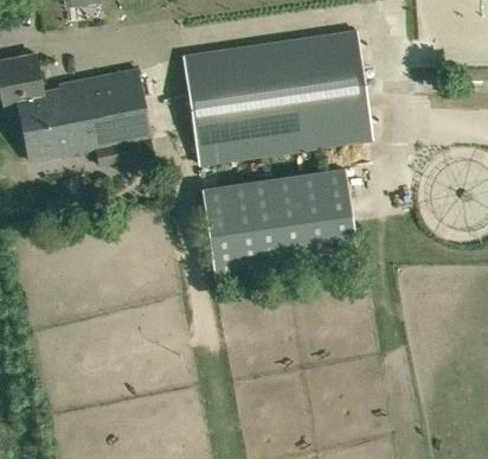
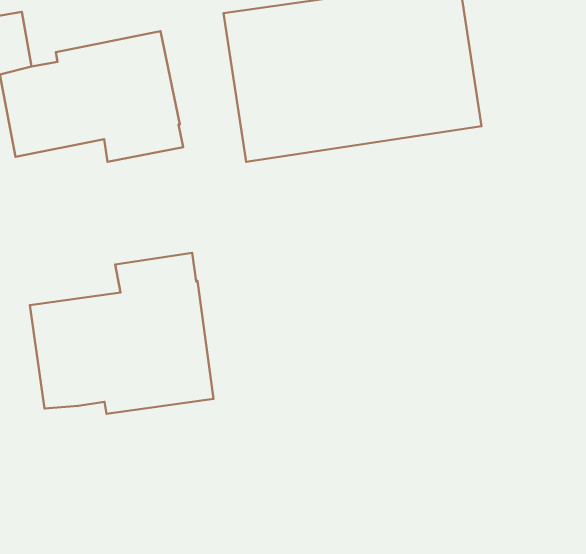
building: [201,167,357,274] -> none
building: none -> [30,253,213,414]

